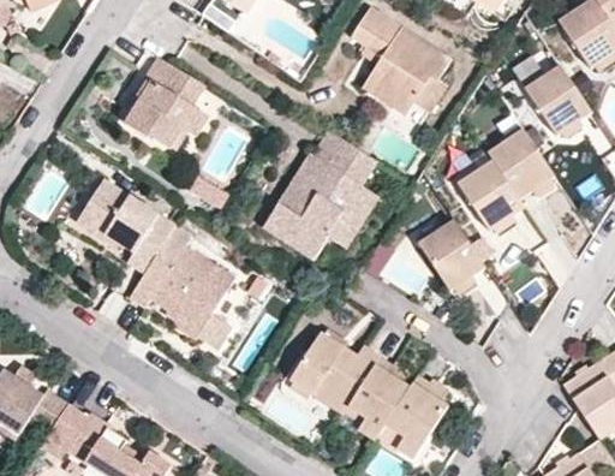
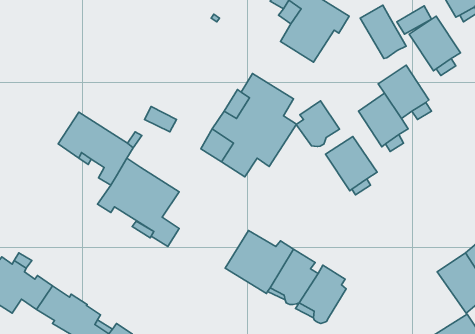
building: none -> [360,5,406,58]
building: [126,61,208,149] -> none
building: none -> [296,101,340,146]

